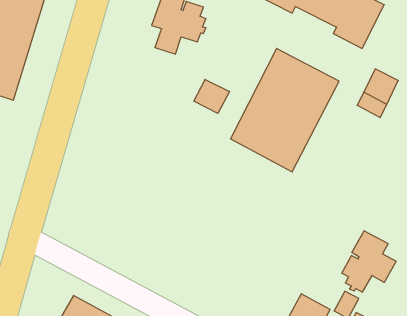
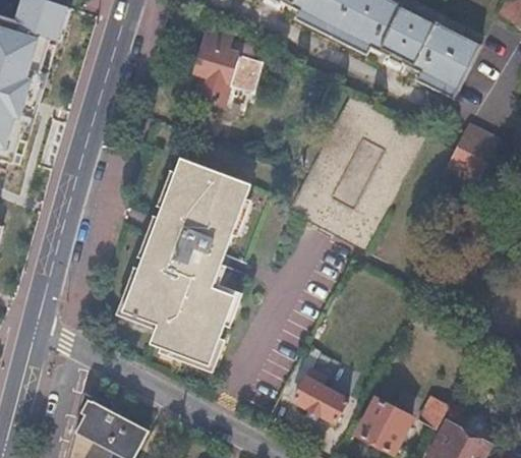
building: [194,79,230,113] -> none
building: none -> [123,160,248,364]
building: [342,231,396,292] -> none
building: none -> [295,369,346,421]

